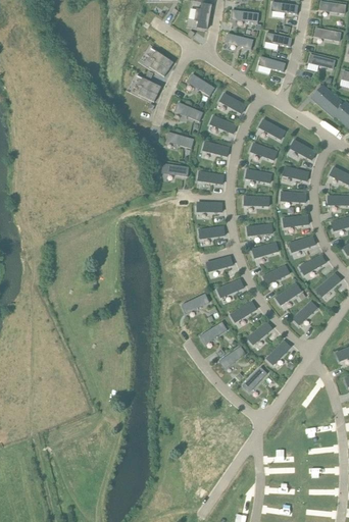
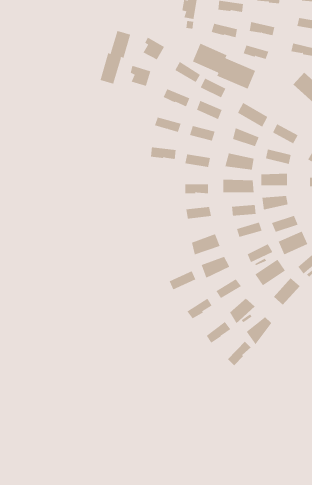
building: none -> [100,30,131,84]
building: none -> [192,43,256,90]

